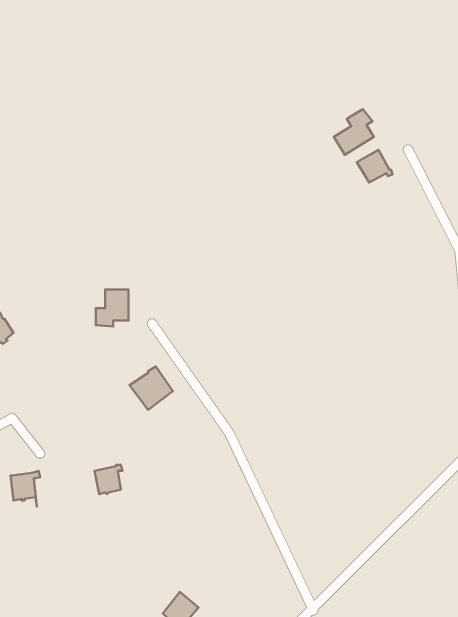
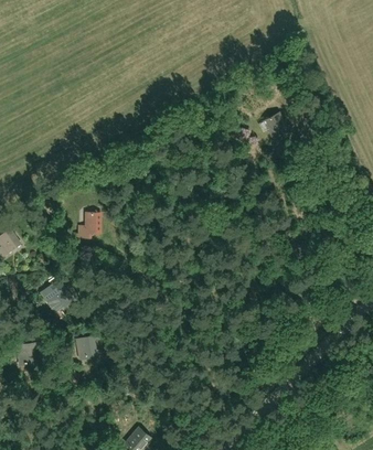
building: [334,109,374,155] -> none
building: [130,366,173,410] -> [41,279,72,310]

